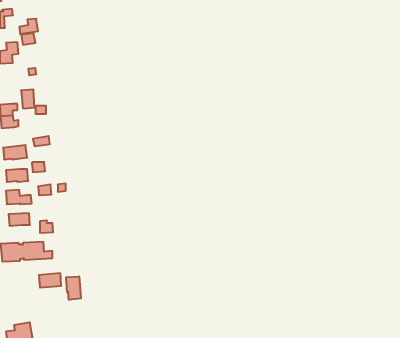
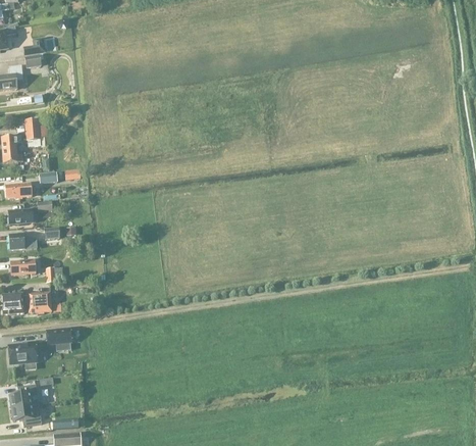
building: [66,276,81,300] -> none
building: none -> [8,342,37,364]

